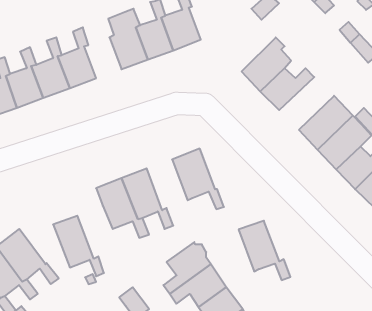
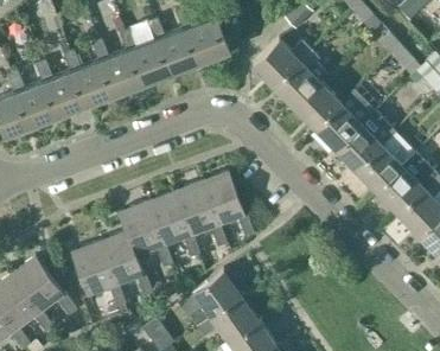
building: none -> [104,30,145,94]
building: none -> [253,39,311,87]
building: none -> [314,92,374,149]
building: none -> [97,231,153,296]
building: [239,221,290,280] -> [172,181,228,245]

